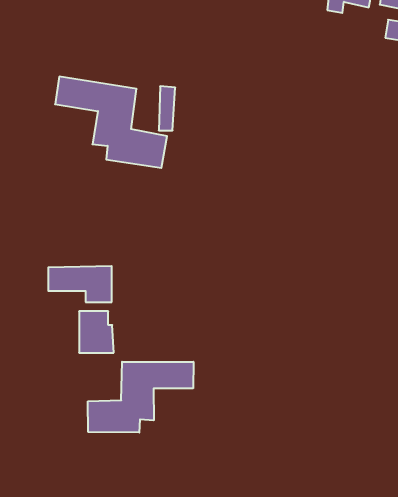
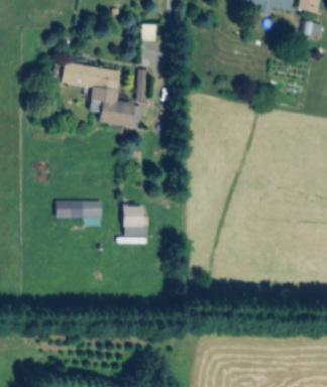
building: [79,311,114,353] -> [122,206,147,236]
building: [88,362,193,433] -> none

